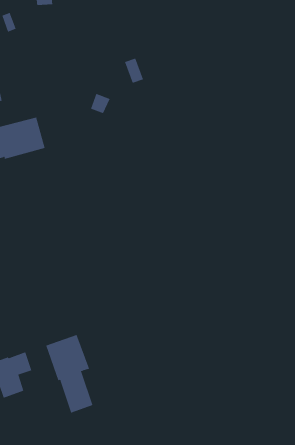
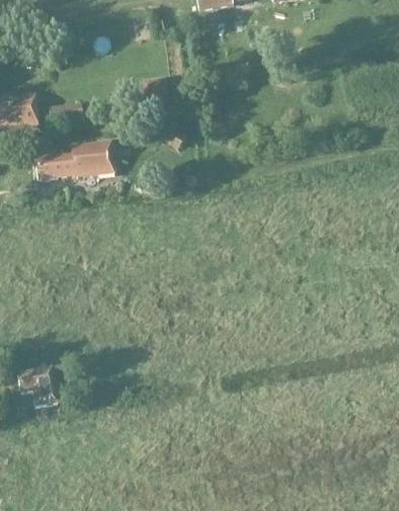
building: [45,334,93,413] -> none

